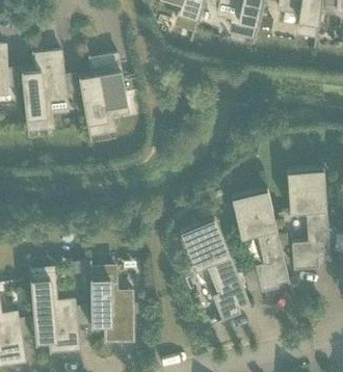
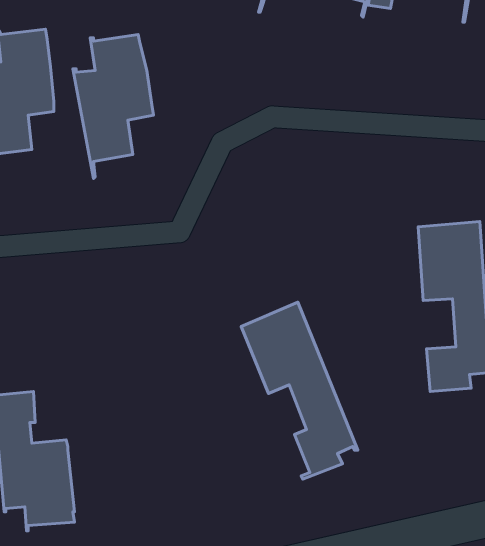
building: [232,187,290,291] -> none
building: [89,259,134,343] -> none

